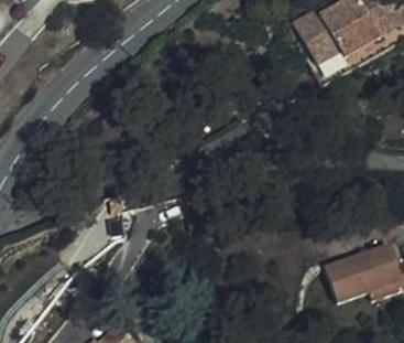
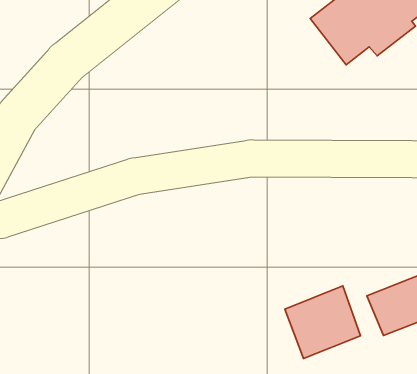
building: none -> [285,286,361,358]

